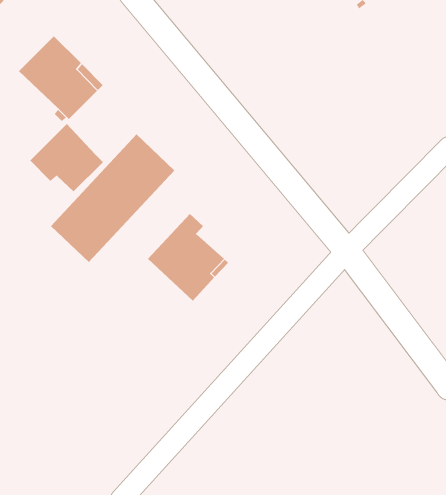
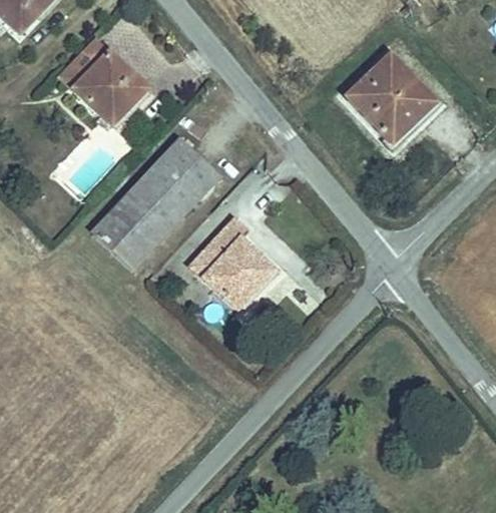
building: none -> [347,53,436,142]
building: [29,123,104,192] -> none

